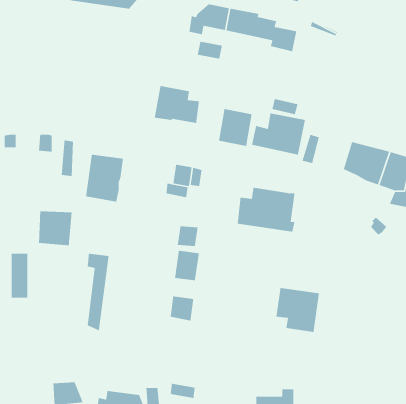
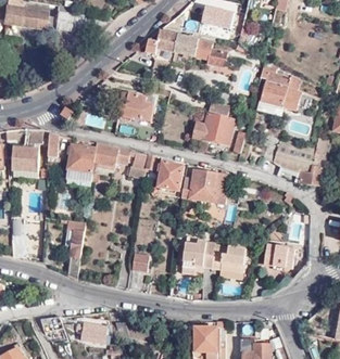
building: none -> [259,59,301,115]
building: [218,108,253,147] -> [159,162,185,191]
building: none -> [95,143,131,167]
building: [38,210,72,246] -> [14,148,40,175]
building: none -> [181,241,216,273]
building: none -> [264,244,295,268]

